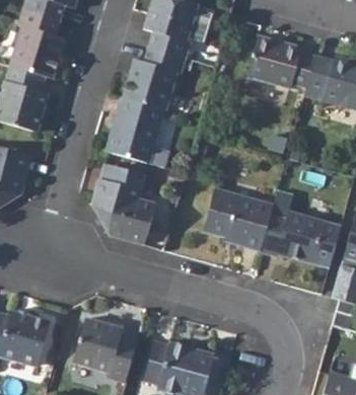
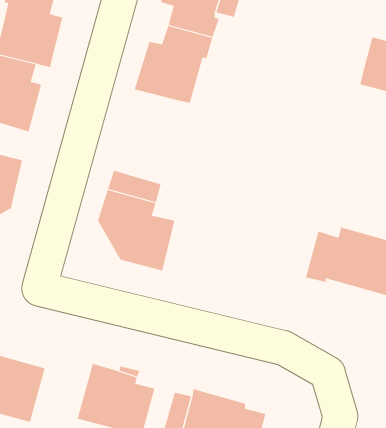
building: [247,35,313,86] -> none
building: [108,98,162,162] -> none
building: [202,186,273,249] -> none

